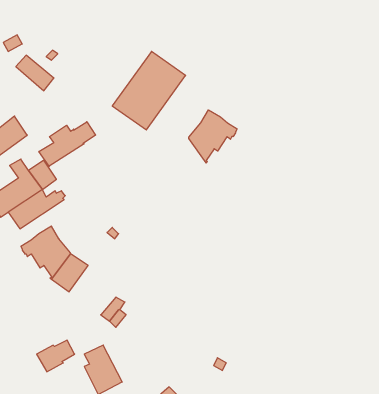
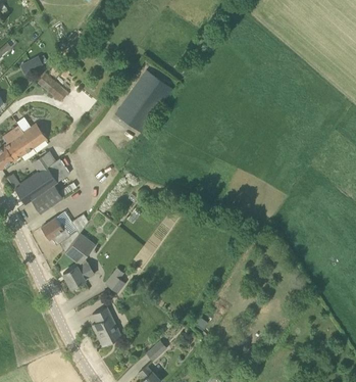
building: [189,110,237,163] -> none
building: [39,122,96,166] -> none
building: [37,340,75,372] -> [63,262,94,288]

